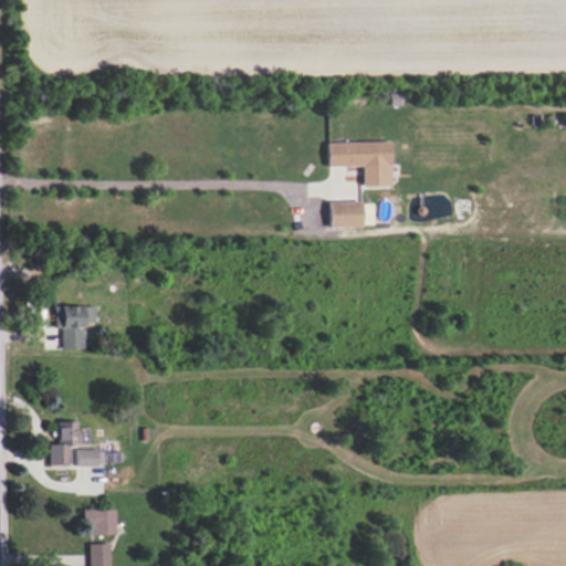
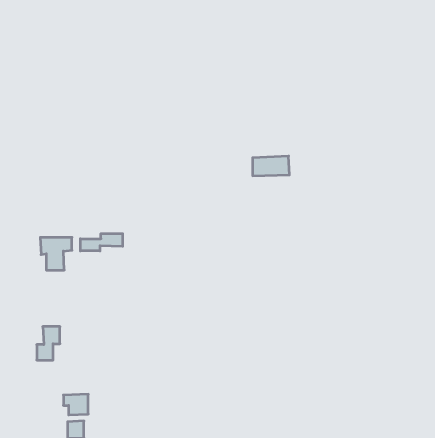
building: [327,140,392,186] -> none
building: none -> [80,234,123,251]
building: [78,449,106,467] -> none

